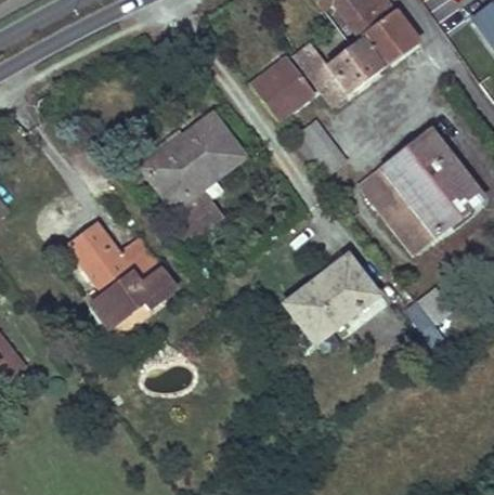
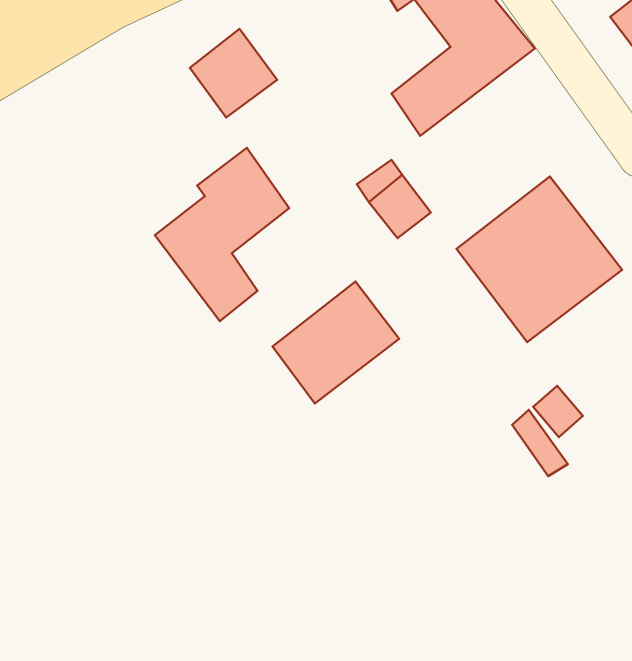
building: [251,53,314,117] -> [190,29,277,118]
building: [69,221,176,328] -> none
building: [286,253,377,341] -> [272,282,399,404]

